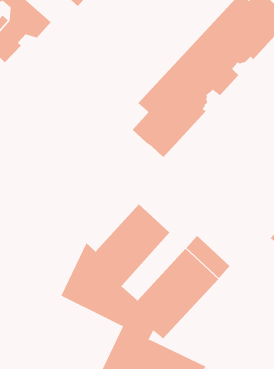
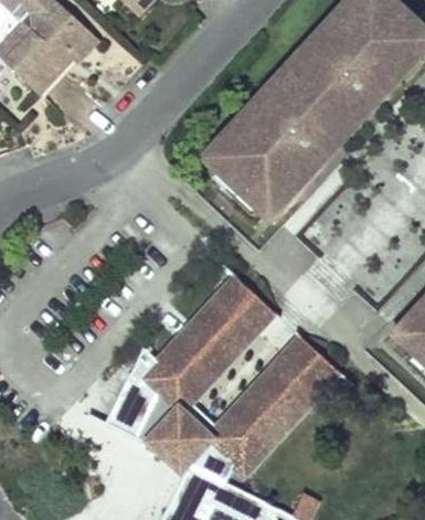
building: none -> [217,273,277,329]

